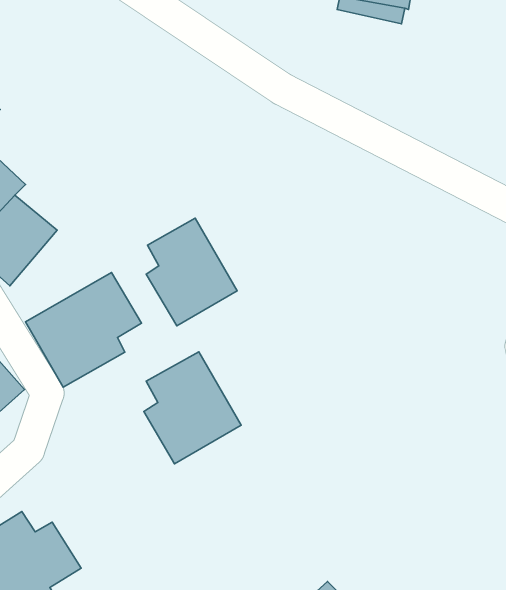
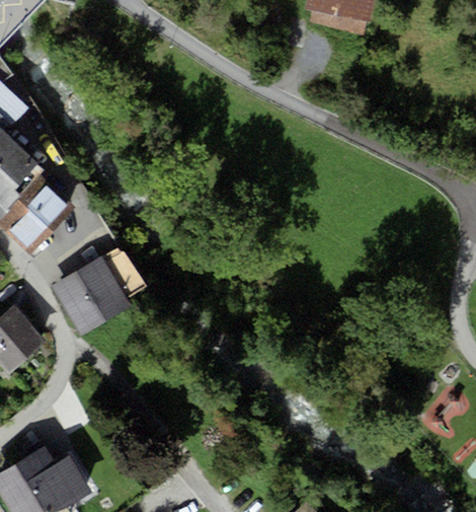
building: [146,218,237,326] -> none
building: [144,352,241,464] -> none

